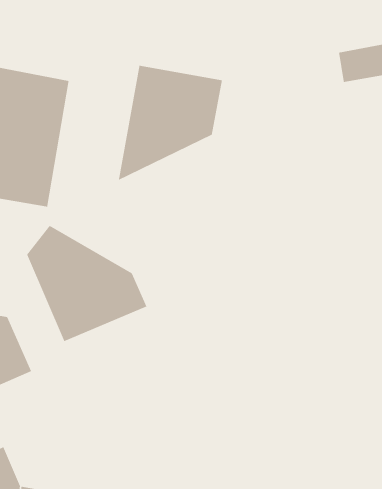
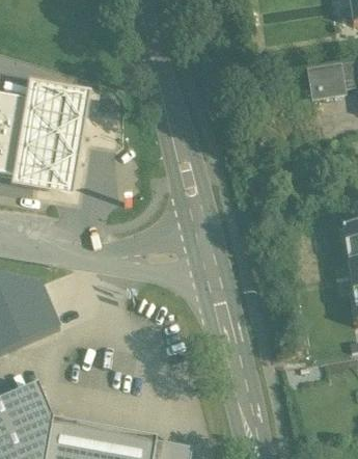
building: [118,65,223,181] -> none
building: [26,225,148,342] -> none

